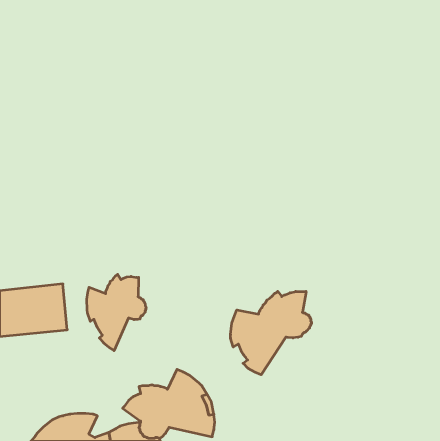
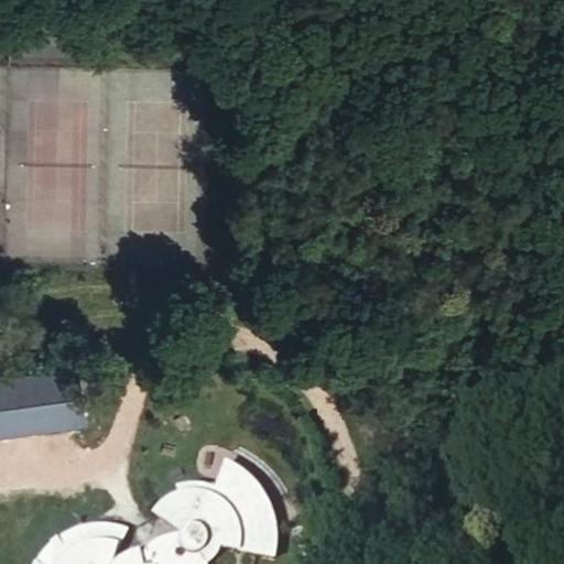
building: [87,274,146,351] -> none
building: [231,291,311,375] -> none

